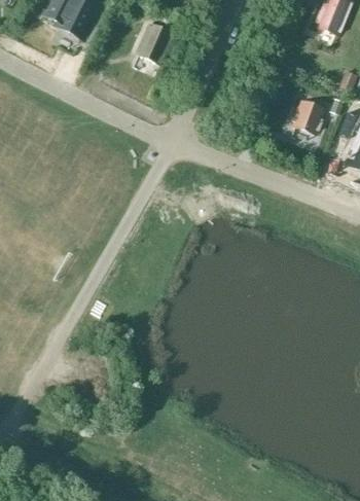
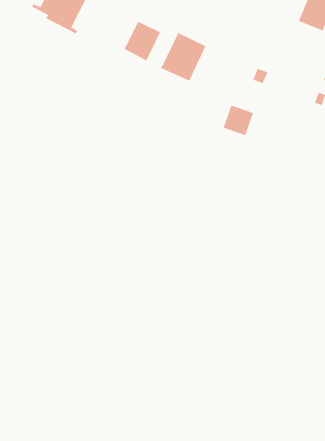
building: none -> [160,32,206,82]
building: [292,99,324,131] -> [223,105,254,136]

